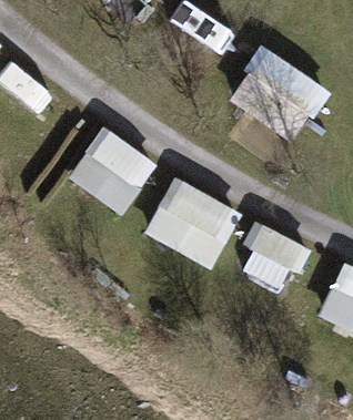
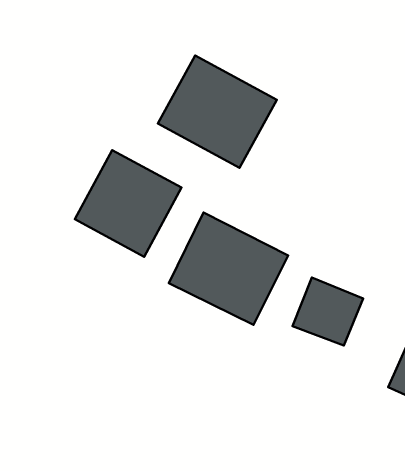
building: [230,50,325,140] -> [158,56,277,168]

